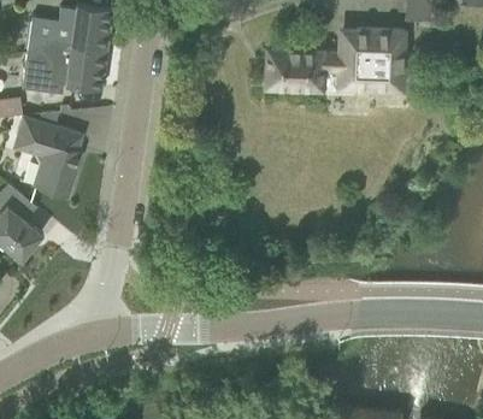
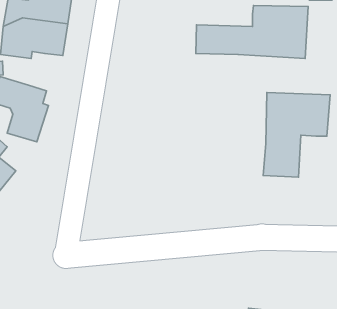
building: none -> [263,93,330,177]

